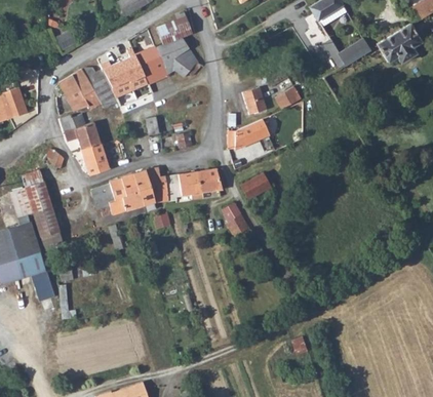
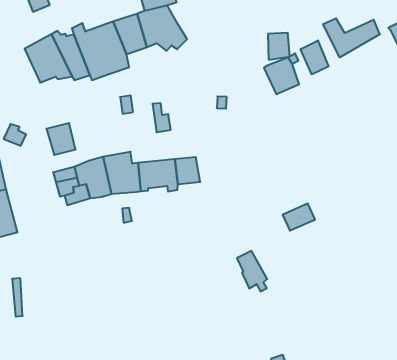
building: none -> [301,40,329,74]
building: [245,88,266,113] -> [268,33,290,60]
building: [62,113,103,152] -> none
building: [236,120,269,149] -> none
building: [241,173,270,198] -> [283,204,315,231]
building: [222,204,249,239] -> [237,251,267,291]

